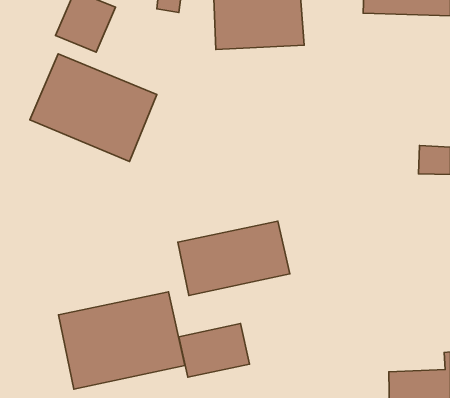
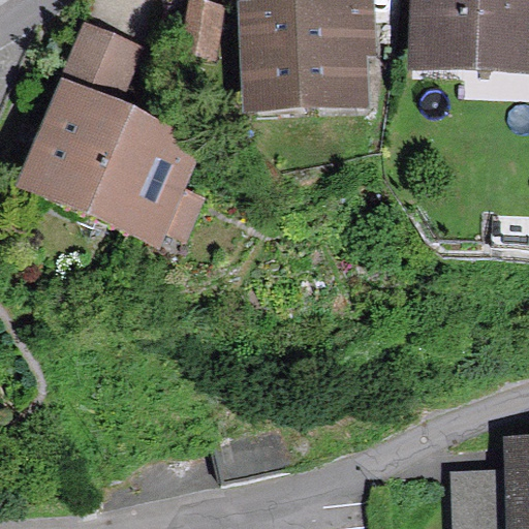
building: [178,221,290,295] -> none
building: [58,292,185,389] -> none

